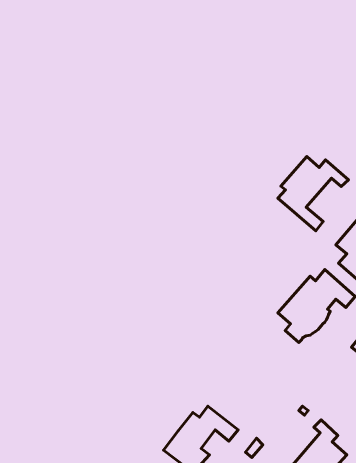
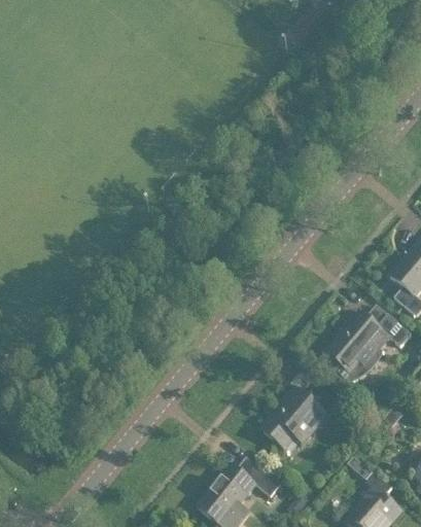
building: [278,156,349,231] -> none
building: none -> [260,381,338,450]

